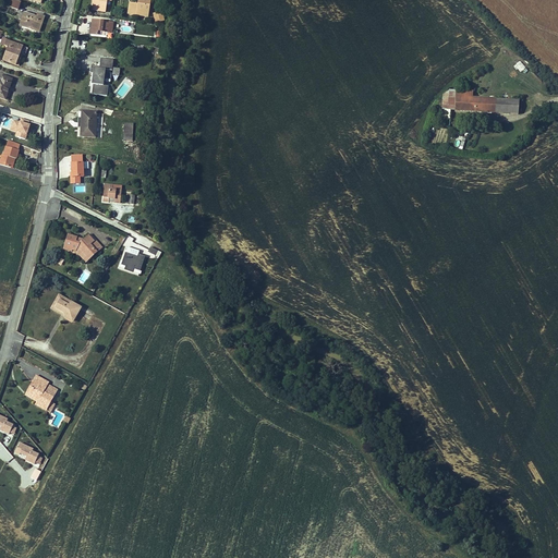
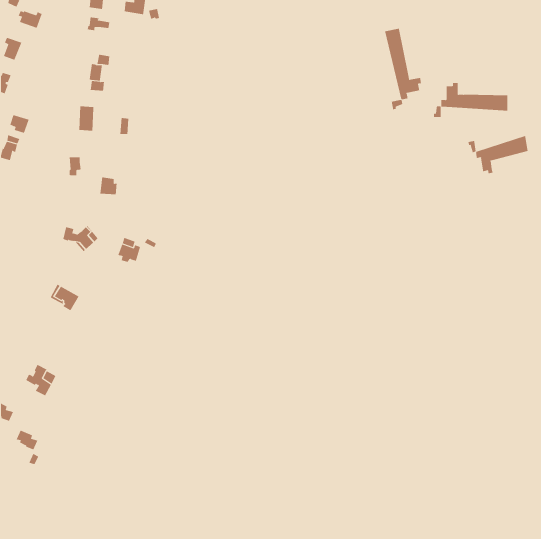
building: none -> [384,28,422,110]
building: none -> [468,135,528,174]

